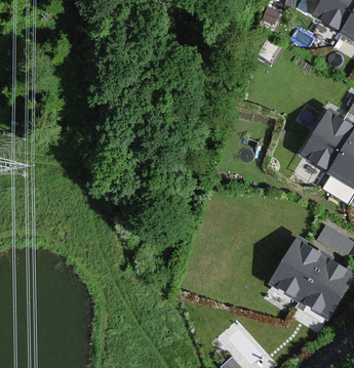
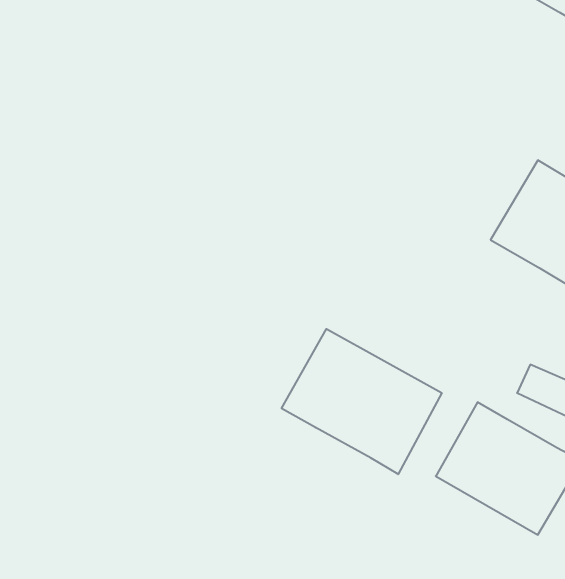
building: none -> [282,329,442,474]

